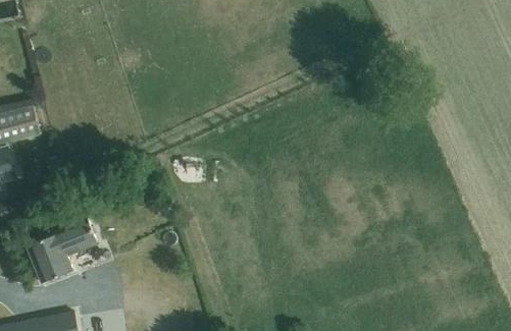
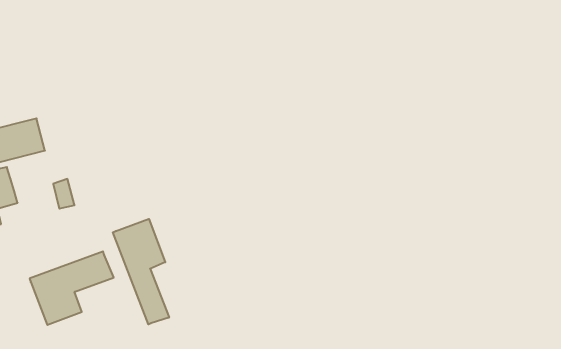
building: none -> [113,219,169,324]

